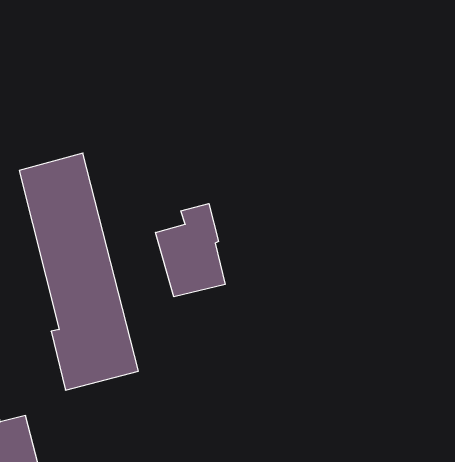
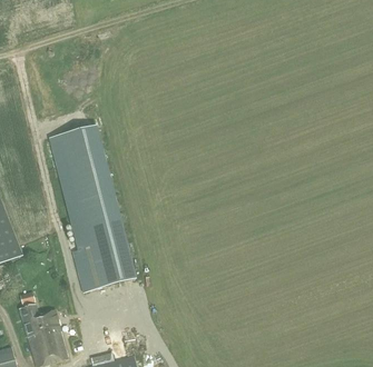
building: [156,204,225,297] -> none

